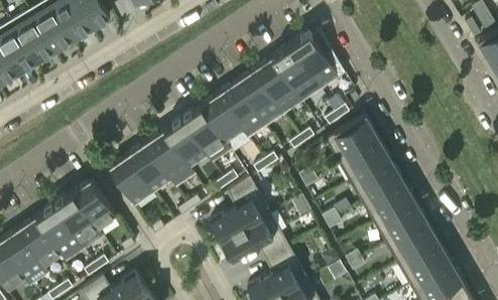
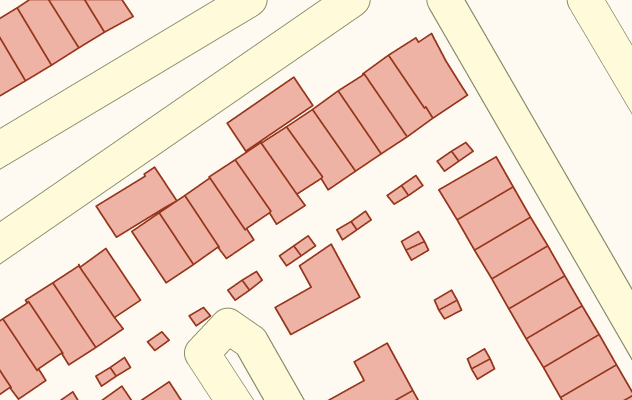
building: none -> [227,77,313,151]
building: none -> [96,167,177,237]
building: [221,214,288,261] -> none

